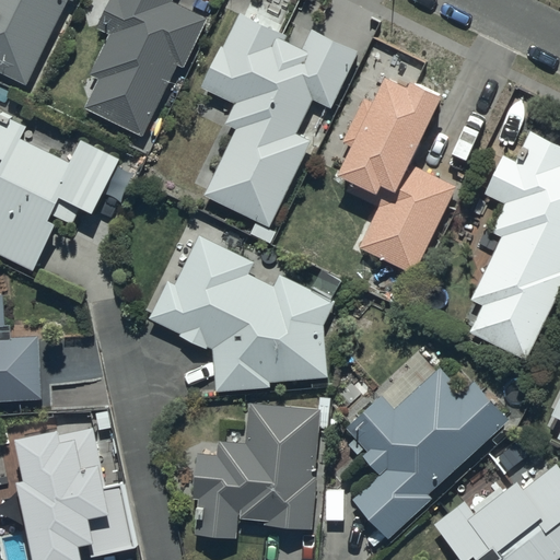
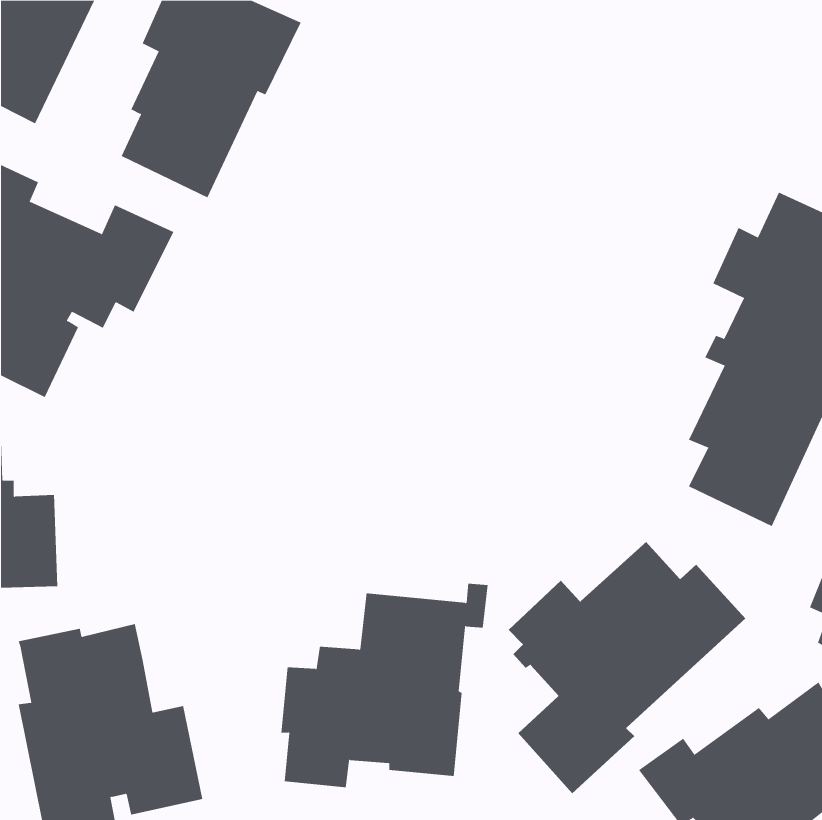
building: [199,13,359,246] -> none
building: [335,75,454,275] -> none
building: [148,235,334,393] -> none

